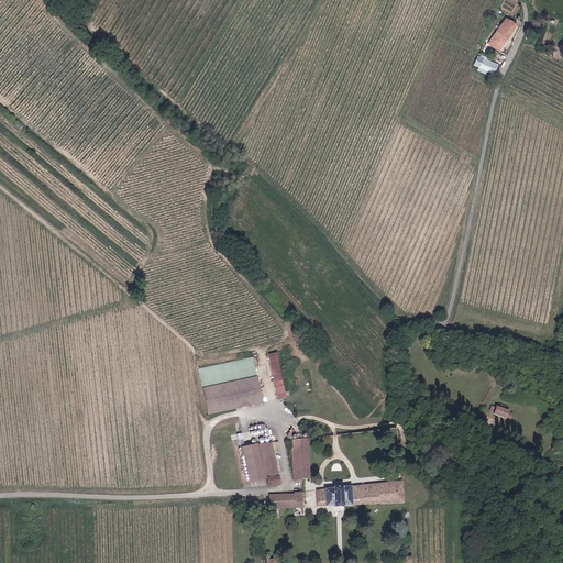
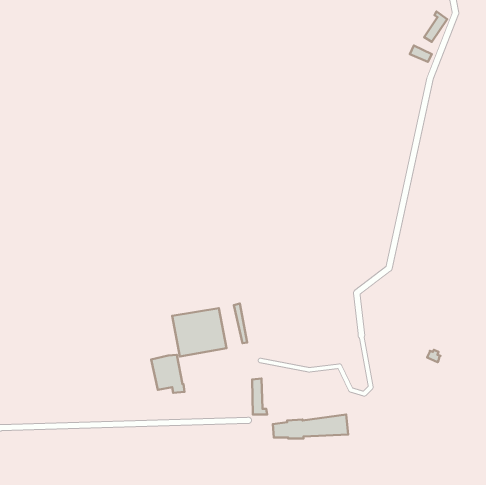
building: [242,441,280,485] -> [151,355,184,393]
building: [268,492,303,508] -> none

